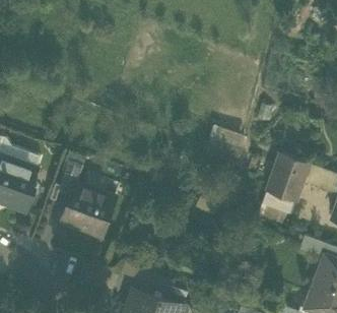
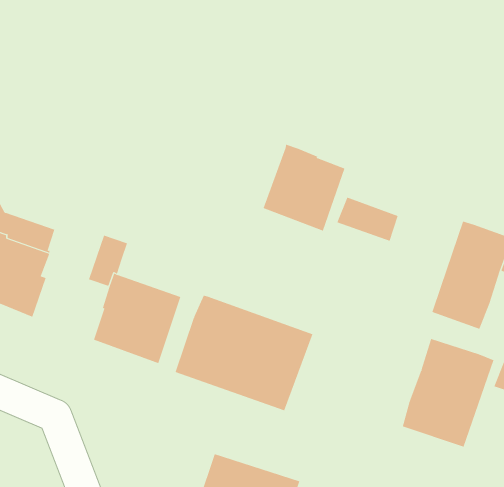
building: none -> [263,144,345,232]
building: none -> [175,295,313,411]
building: none -> [402,338,494,447]

